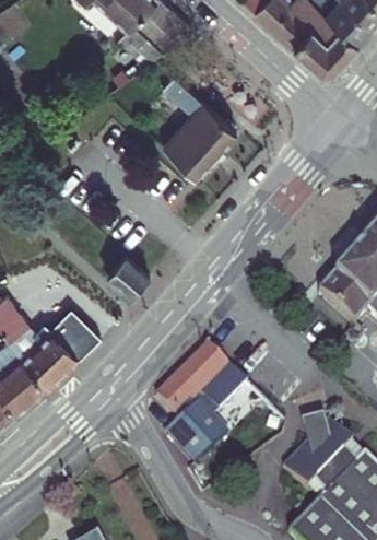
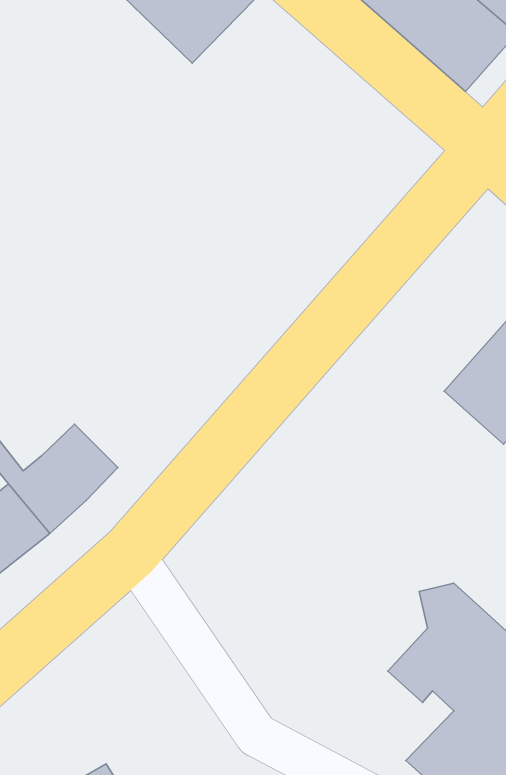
building: [161,71,243,175] -> none
building: [106,256,150,300] -> none
building: [162,349,247,470] -> none

